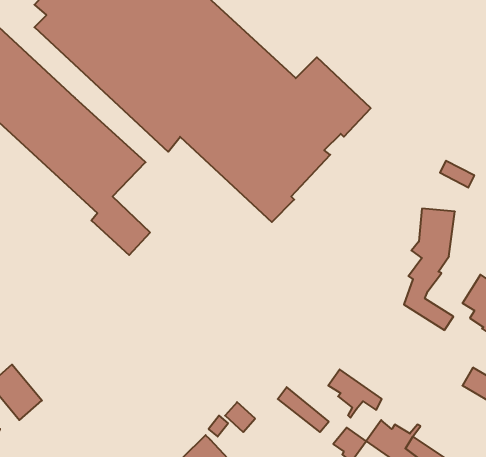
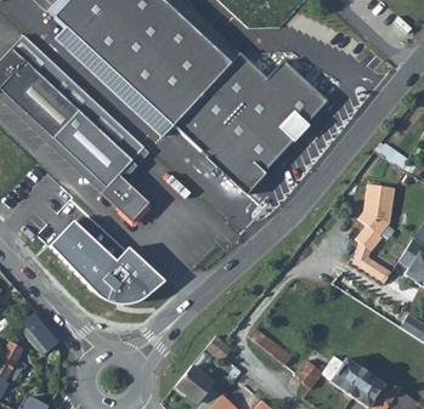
building: none -> [49,218,163,302]
building: [328,369,382,418] -> none

